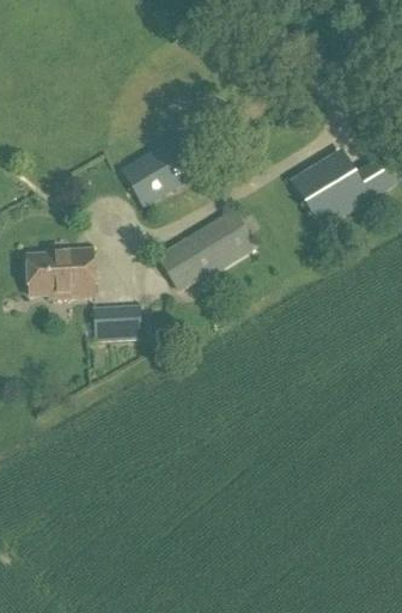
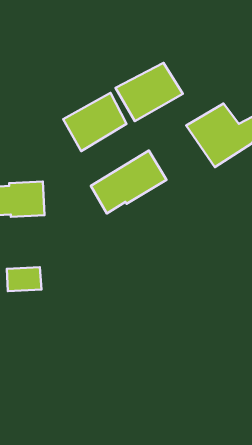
building: none -> [116,63,183,121]
building: [95,306,141,339] -> [7,267,42,291]

